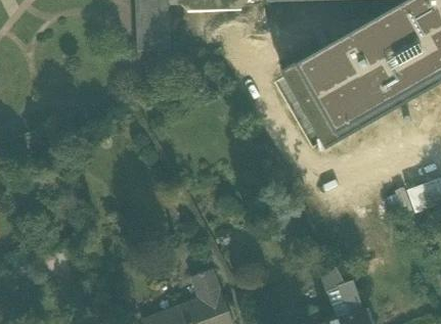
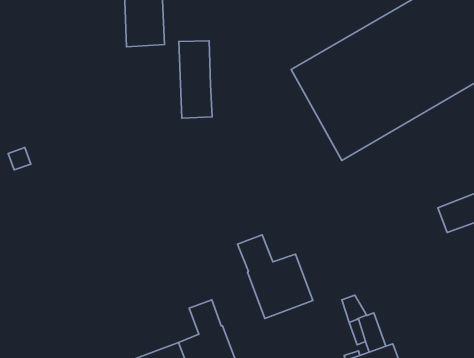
building: none -> [179,41,212,118]
building: none -> [238,235,313,318]

